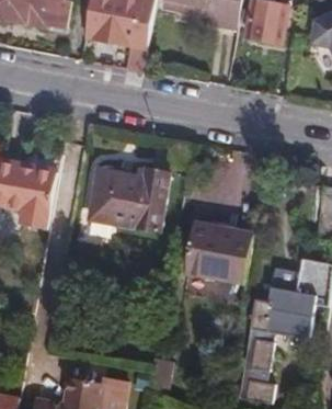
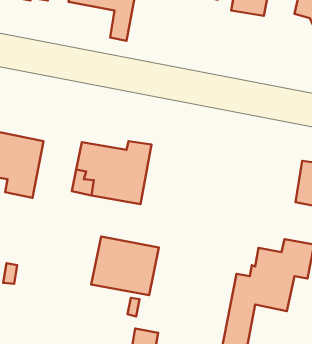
building: [184,223,252,282] -> [91,237,159,295]

